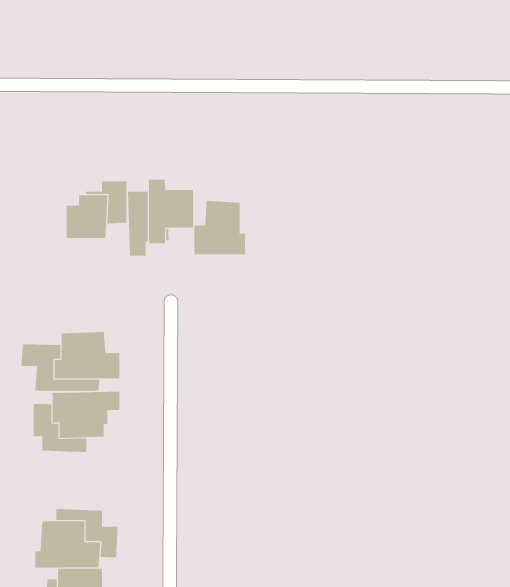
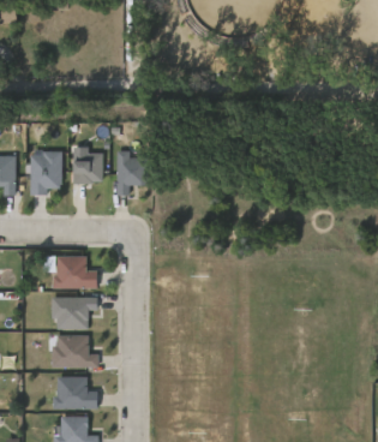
building: none -> [32,150,64,193]
building: [194,200,246,255] -> none
building: none -> [53,336,98,368]

